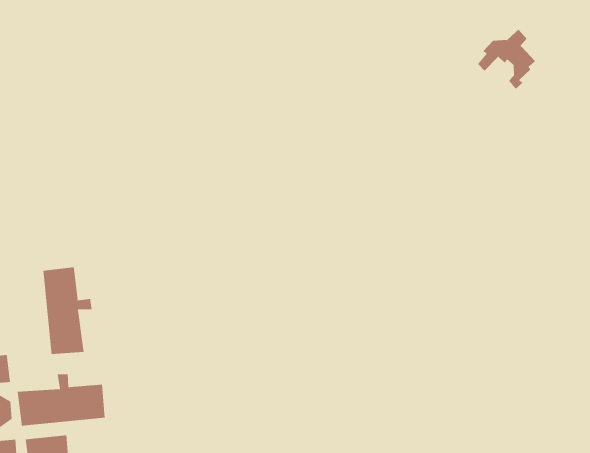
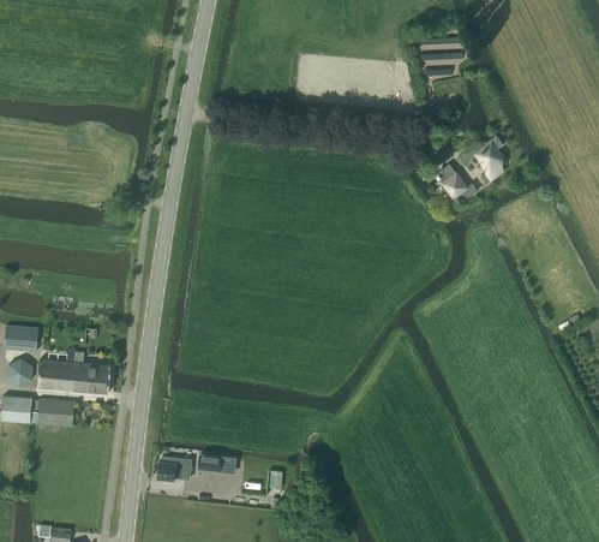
building: none -> [441,163,478,199]
building: [43,266,92,355] -> none

